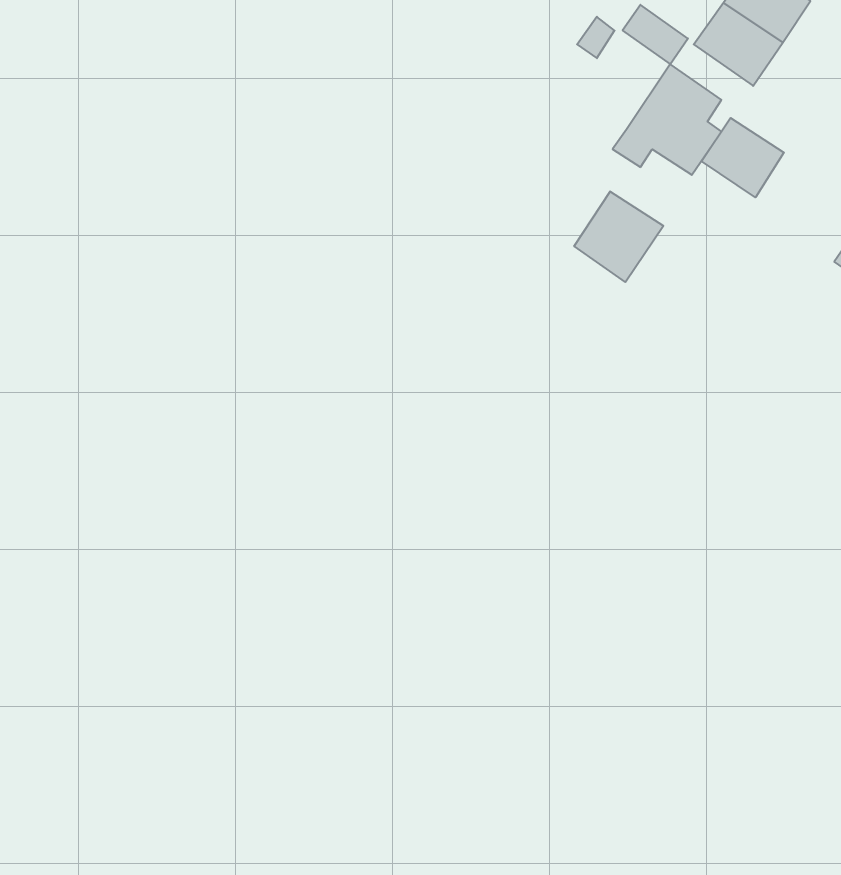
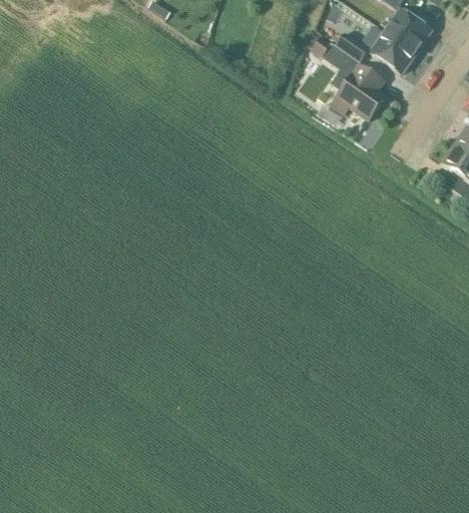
building: [701,118,784,197] -> none
building: [574,191,663,282] -> none

